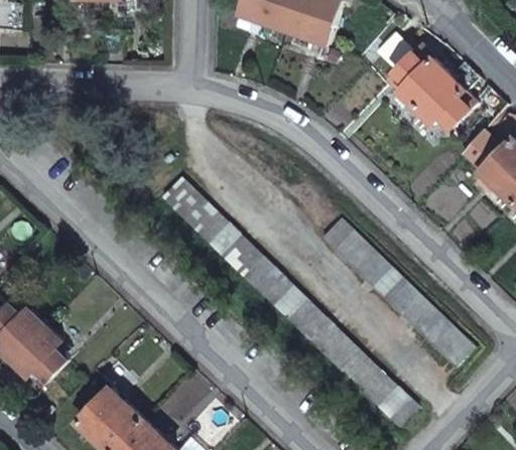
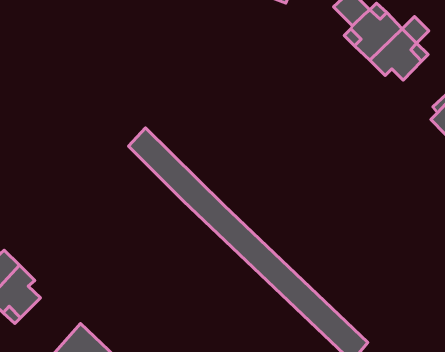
building: [325,218,473,364] -> none

